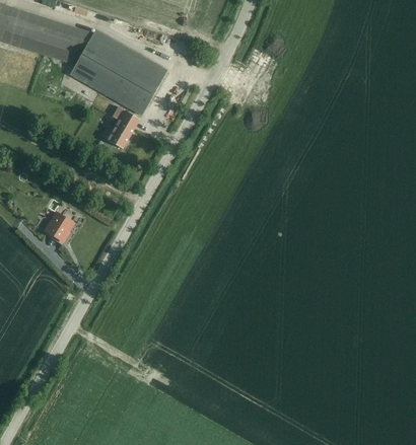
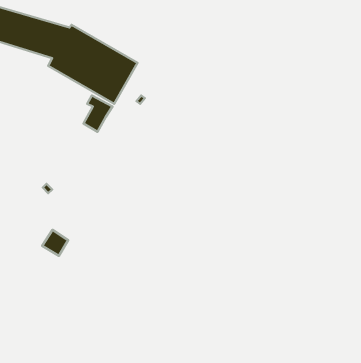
building: [44,212,72,240] -> [42,230,68,256]

